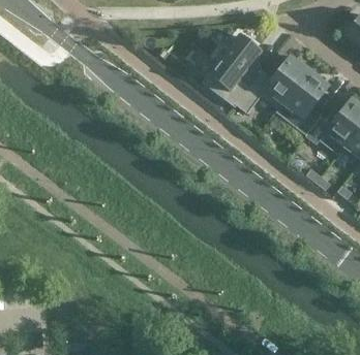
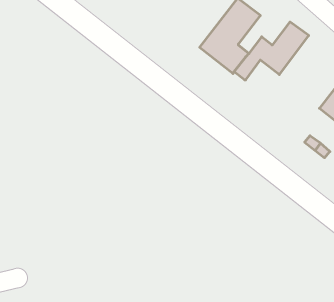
building: [276,68,326,132] -> none

